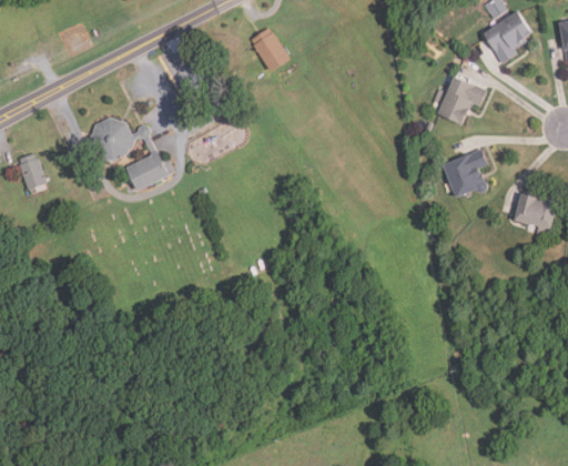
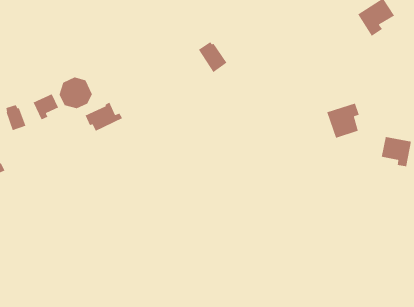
building: [252,28,291,70] -> [198,41,227,73]
building: [436,77,486,125] -> none
building: none -> [32,93,59,120]

